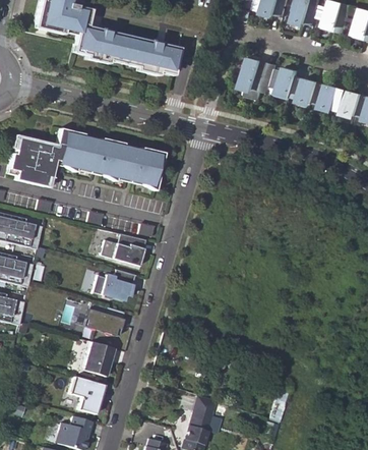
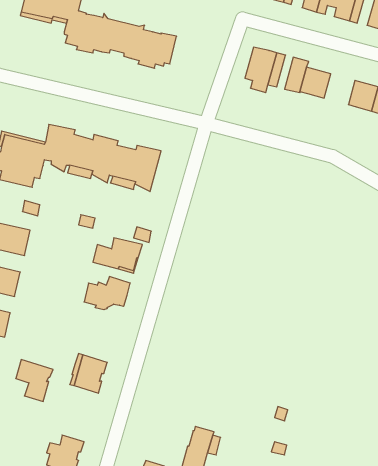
building: [314,81,343,110] -> none
building: [85,306,125,336] -> none
building: [69,376,104,414] -> [16,360,53,401]

